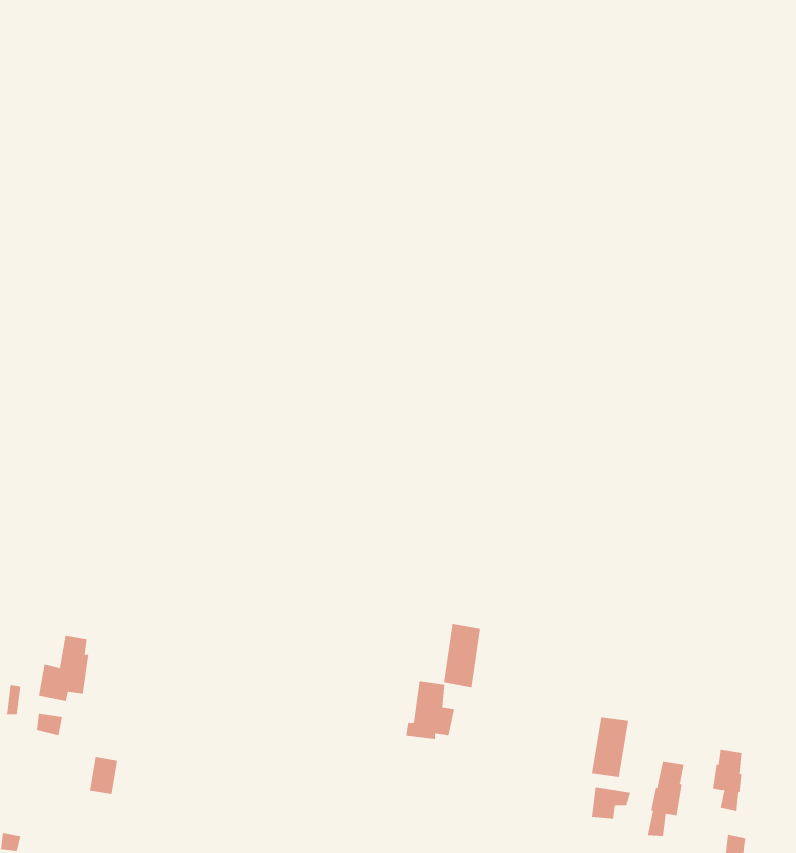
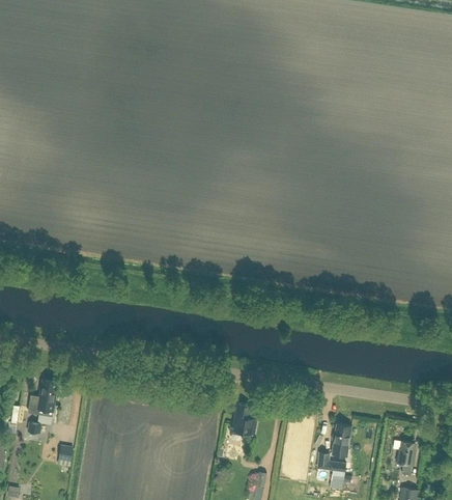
building: [444,623,481,688] -> none
building: [647,761,684,837] -> none

